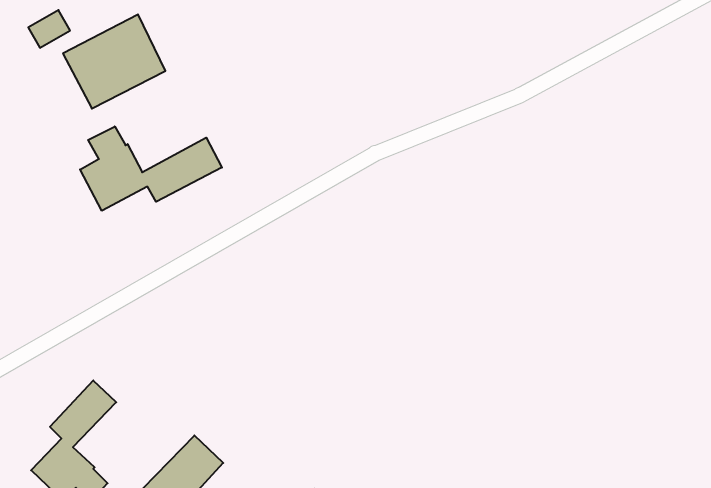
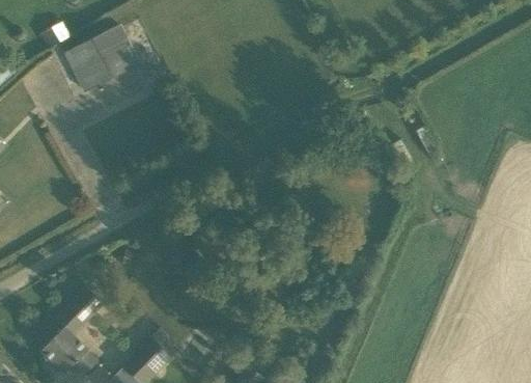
building: [80,126,222,211] -> none

